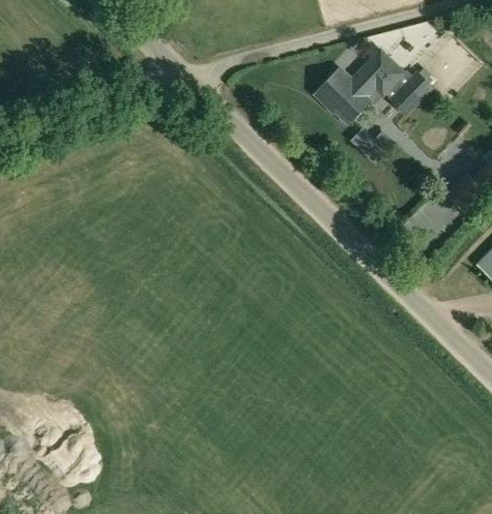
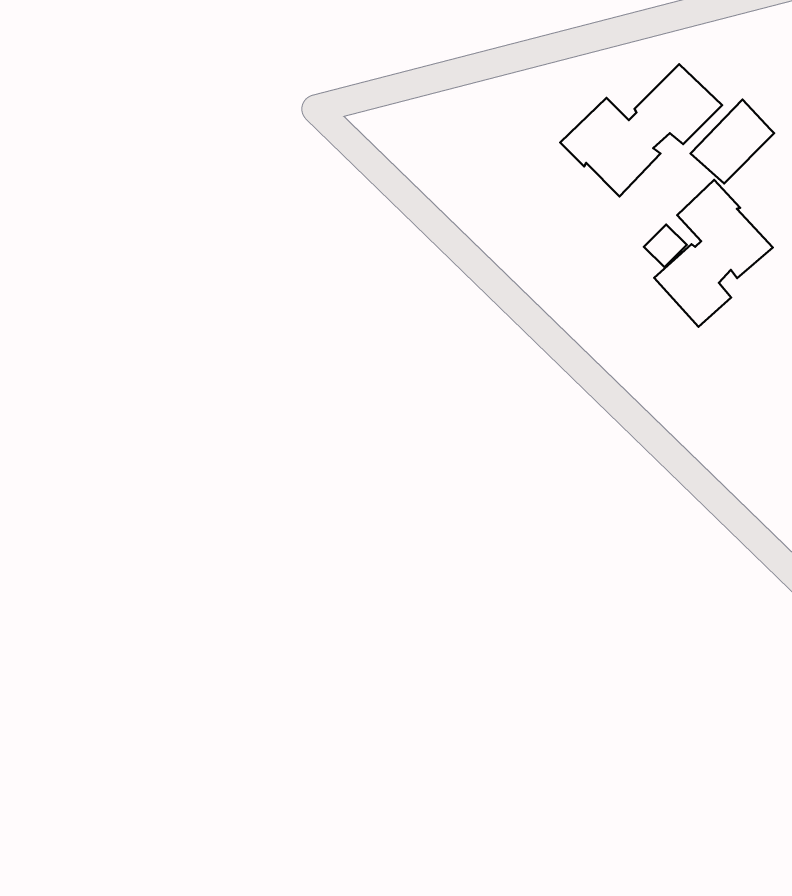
building: none -> [654,180,773,327]

